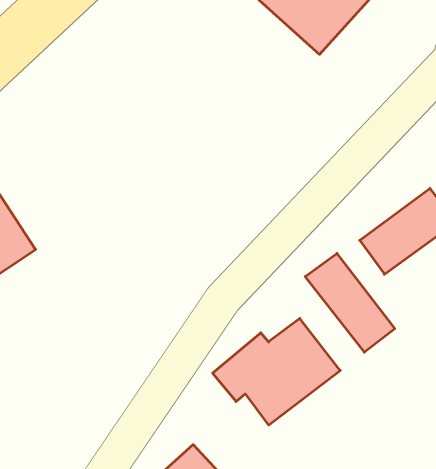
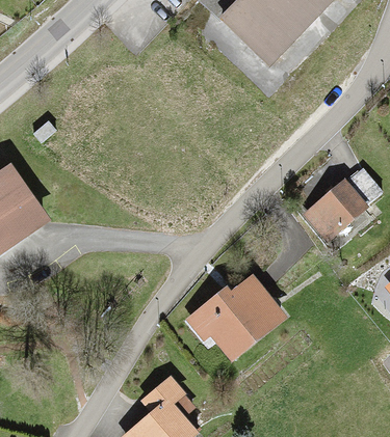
building: [305,253,395,352] -> none

